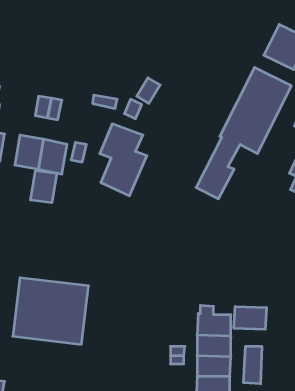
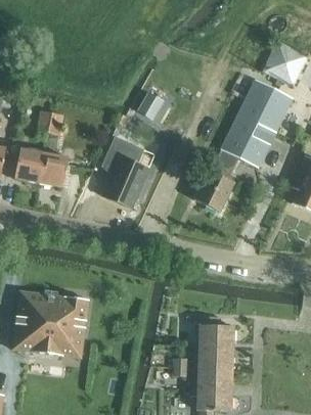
building: [30,170,57,203] -> none
building: [234,306,266,329] -> none
building: [244,346,262,384] -> none

